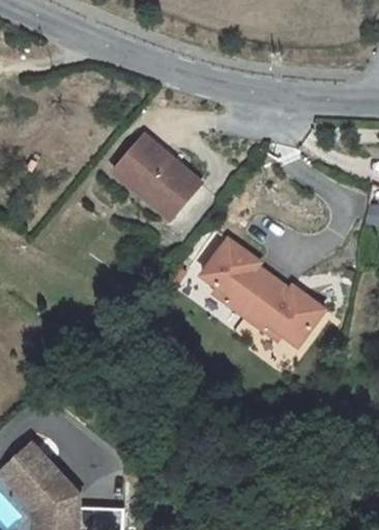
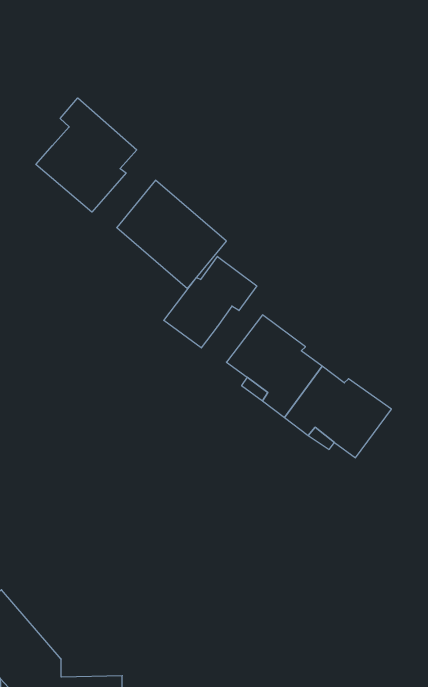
building: none -> [36,98,137,212]
building: none -> [164,256,257,348]

